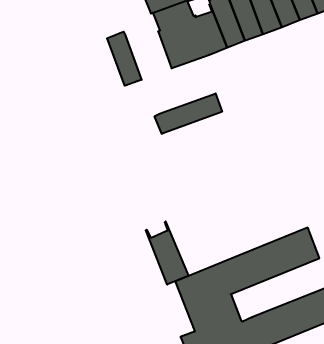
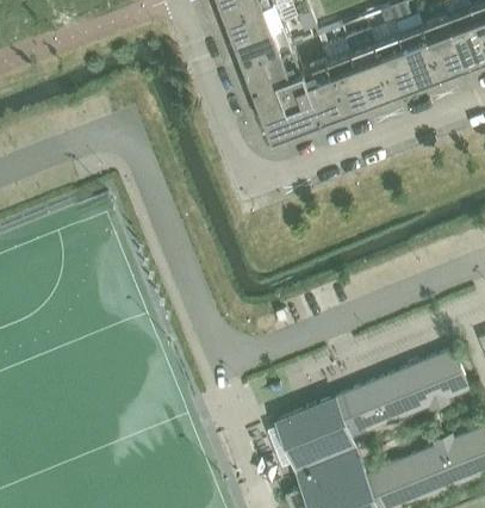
building: [107,32,142,86] -> none
building: [155,93,222,134] -> none
building: [146,221,188,285] -> none

